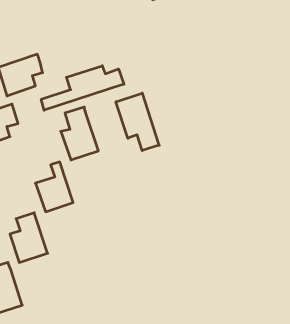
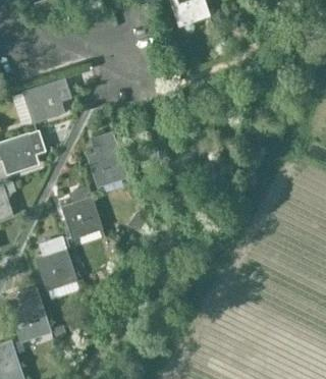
building: [41,66,124,110] -> none
building: [116,93,159,151] -> none

